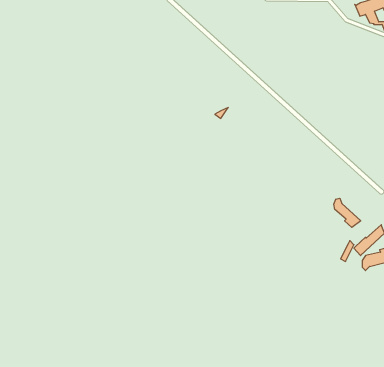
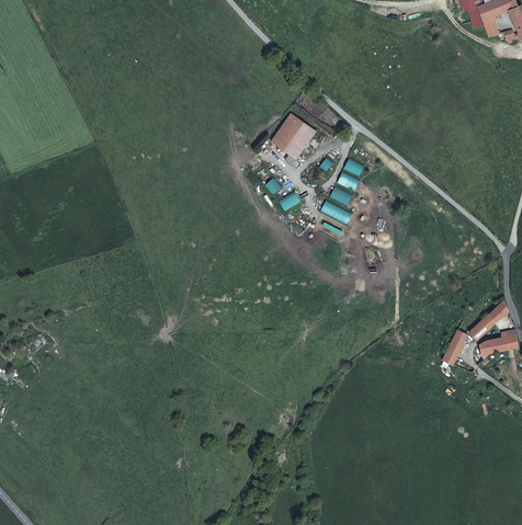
building: none -> [268,114,313,152]
building: [334,198,361,227] -> none

